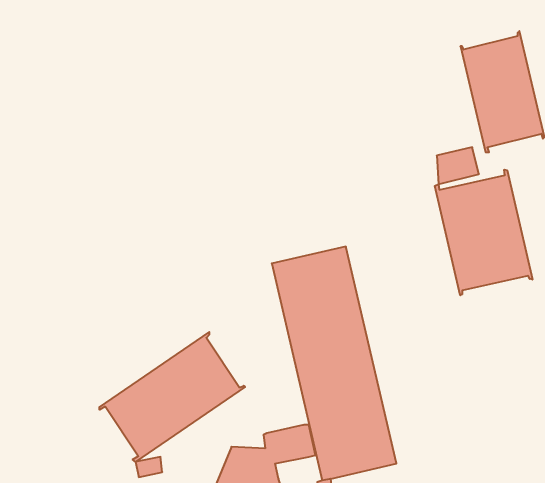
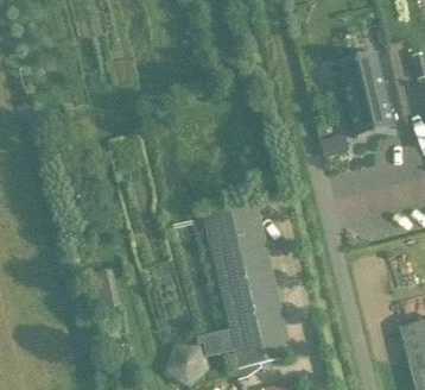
building: [435,170,532,295] -> none
building: [99,332,245,462] -> none

